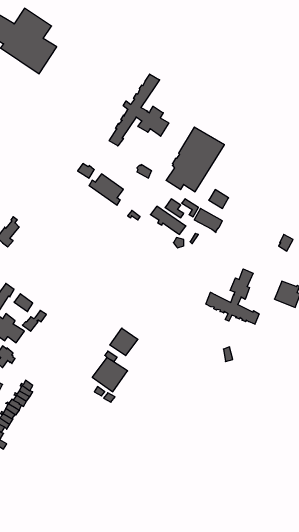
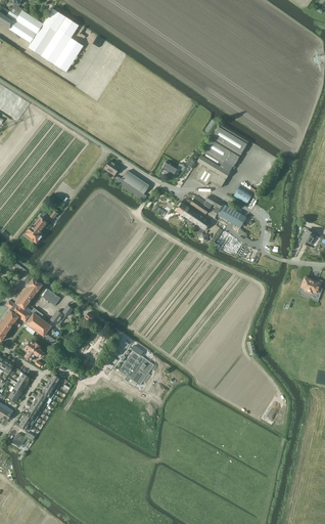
building: [109,74,169,146] -> none
building: [206,269,259,324] -> none
building: [110,328,138,356] -> none

